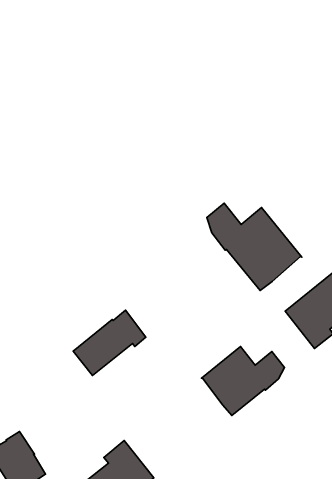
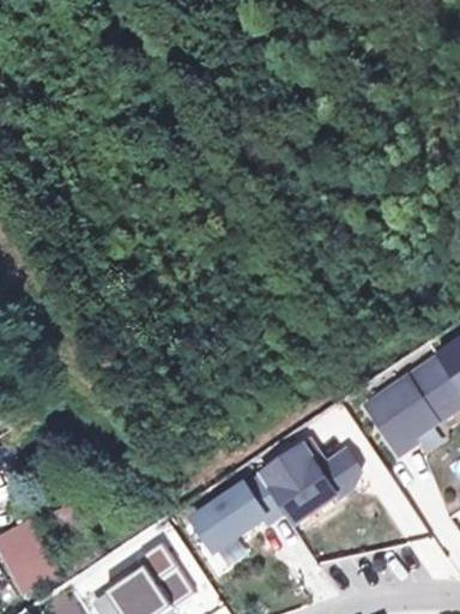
building: [207,203,302,290] -> none
building: [73,310,146,375] -> [192,476,280,550]

